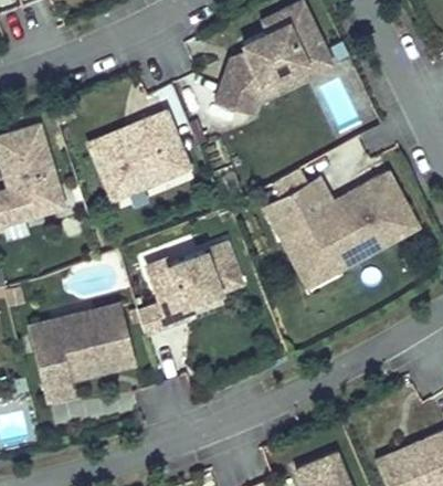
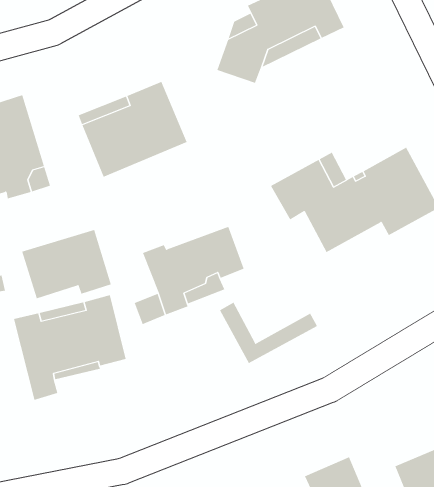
building: [281,229,370,285] -> [219,302,318,364]
building: none -> [22,229,112,299]

